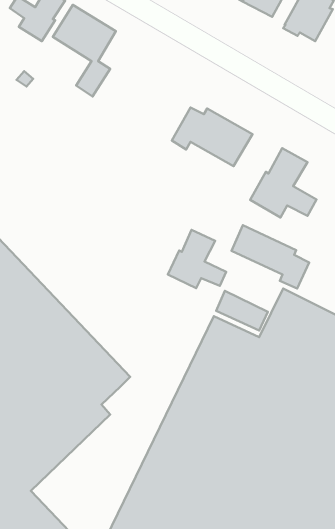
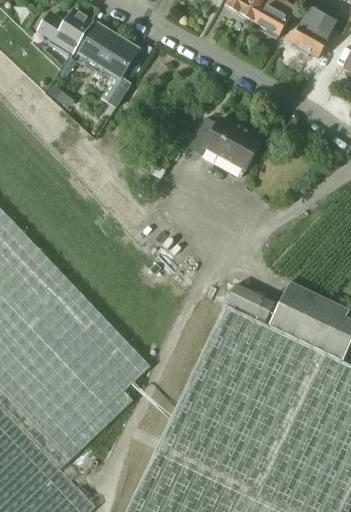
building: [250,148,316,217] -> none
building: [232,225,309,288] -> none
building: [168,230,226,288] -> none

